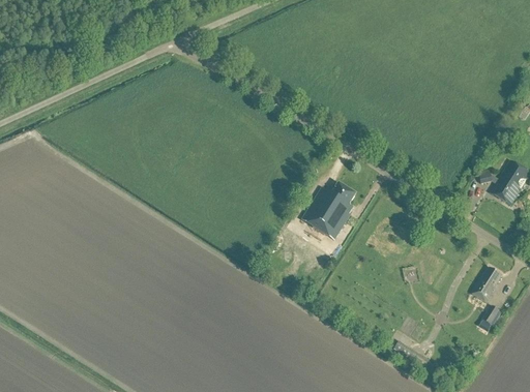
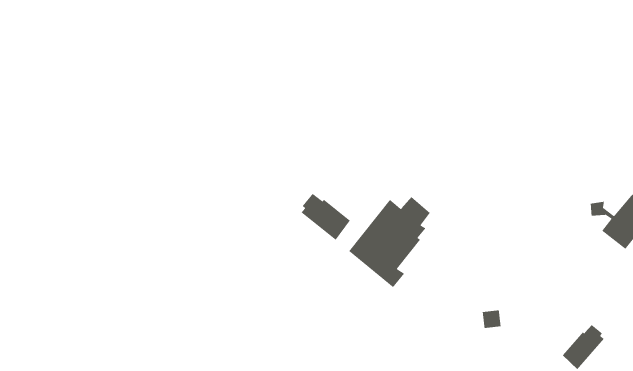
building: none -> [300,193,351,241]

